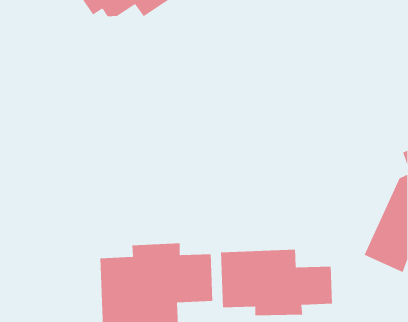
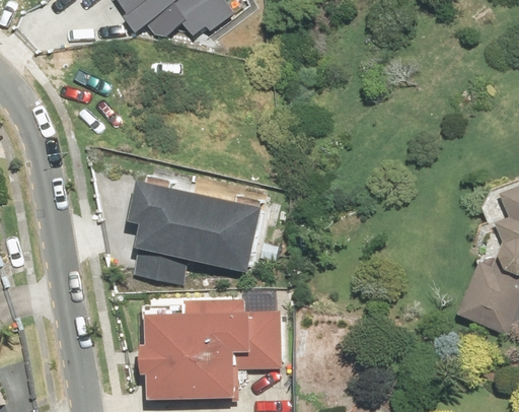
building: none -> [130,183,268,285]
building: [220,249,333,316] -> none

